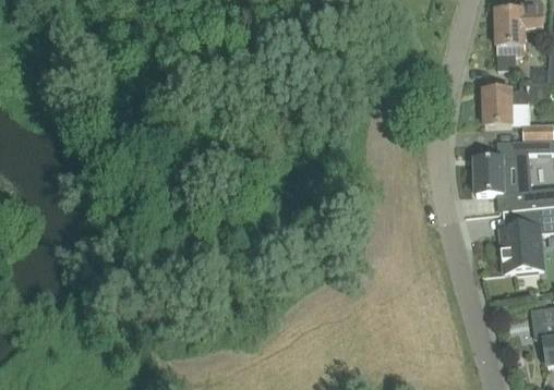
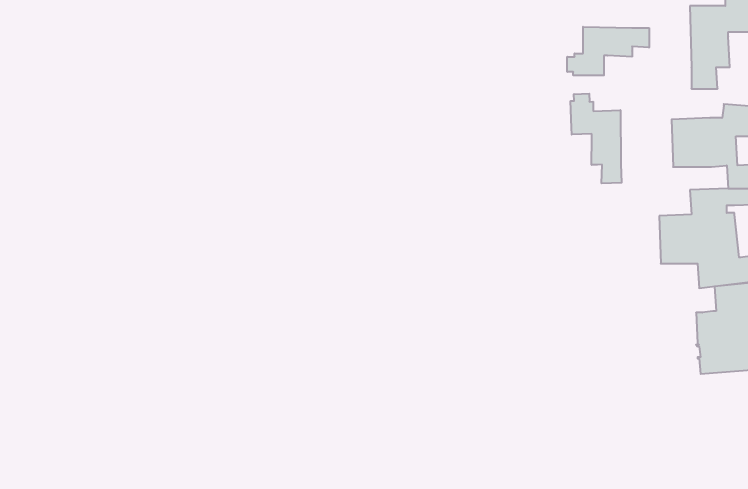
building: none -> [567,27,649,75]
building: none -> [571,94,622,183]

